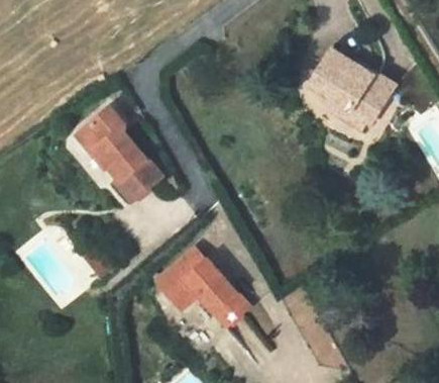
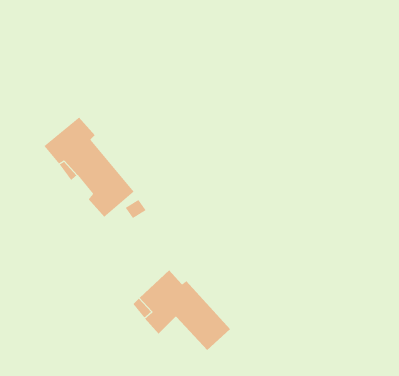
building: [310,45,397,137] -> none

